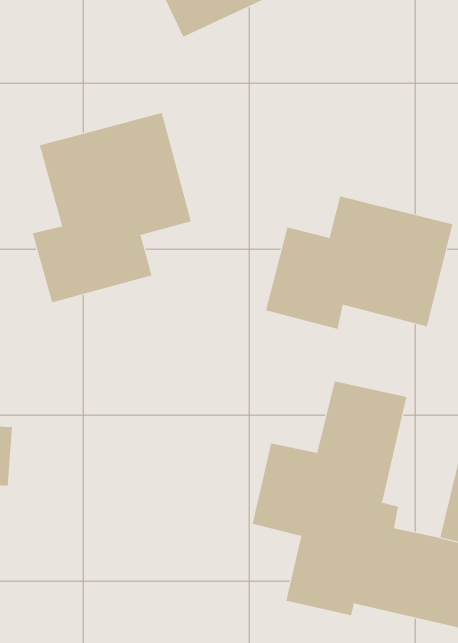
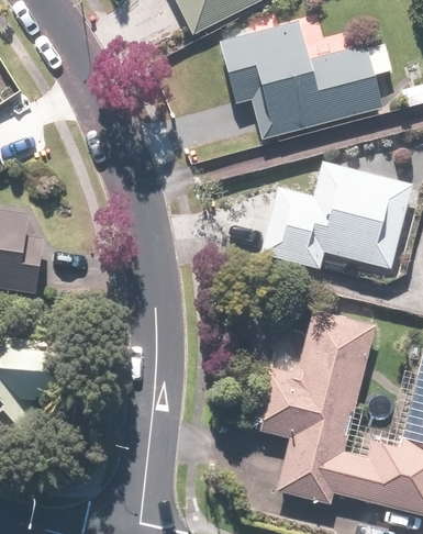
building: none -> [216,21,381,136]
building: [32,112,191,303] -> none

